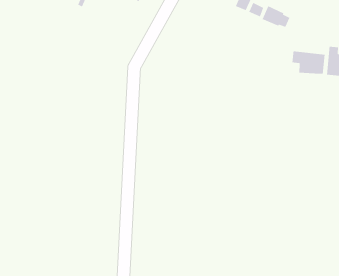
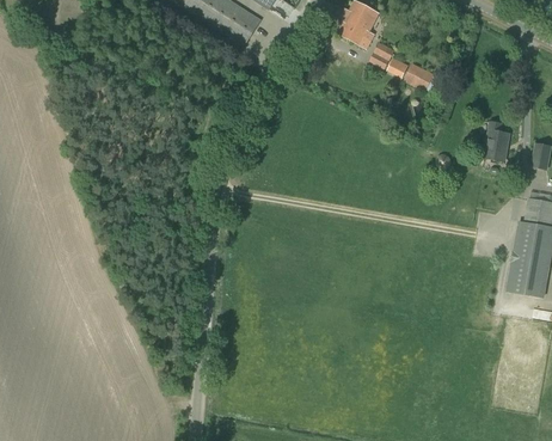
building: [292,51,325,74] -> none

